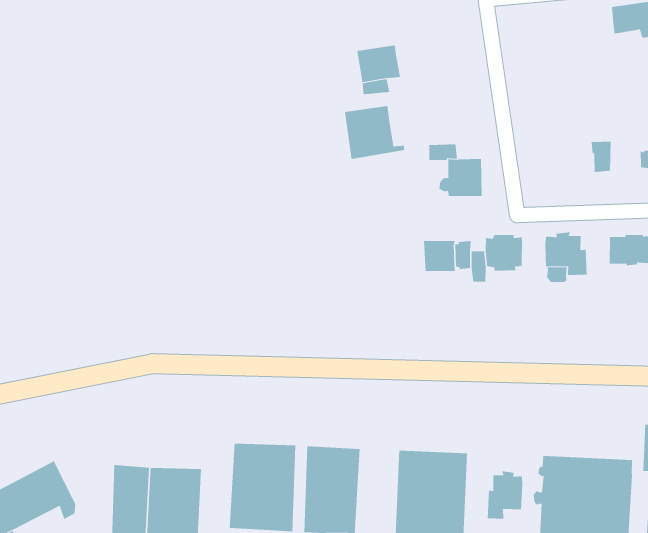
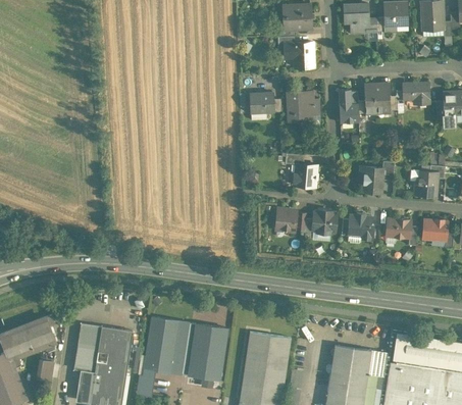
building: none -> [364,83,391,112]
building: none -> [339,91,359,125]
building: [344,105,405,159] -> [287,91,320,120]
building: none -> [360,166,383,192]
building: [487,470,523,519] -> none

